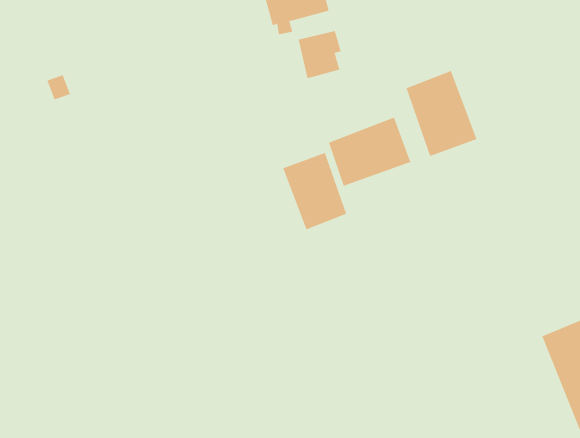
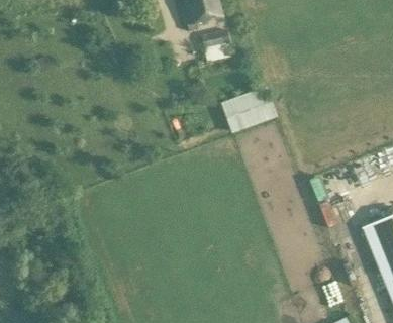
building: [406,70,477,157] -> none
building: [283,152,347,230] -> none

